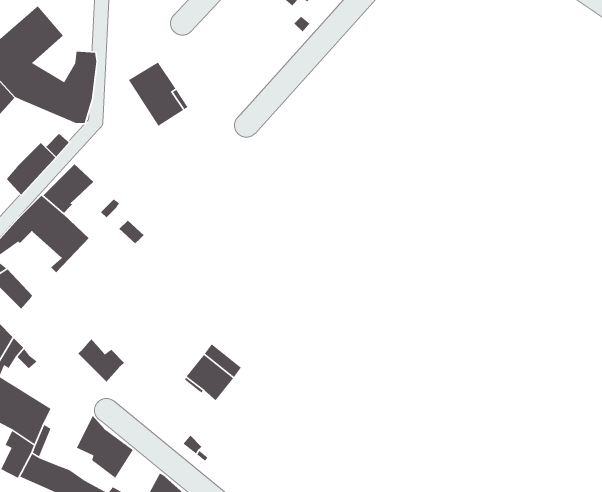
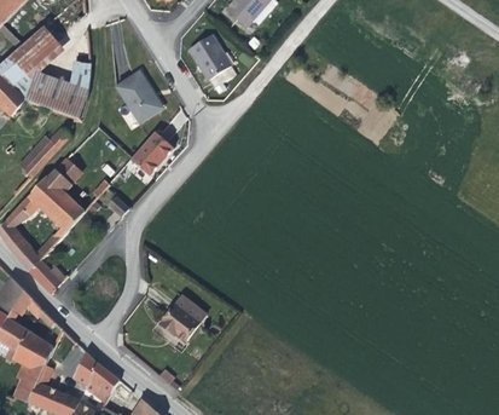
building: none -> [188,34,236,87]
building: none -> [130,131,173,174]
building: [78,338,125,382] -> [28,258,65,293]

